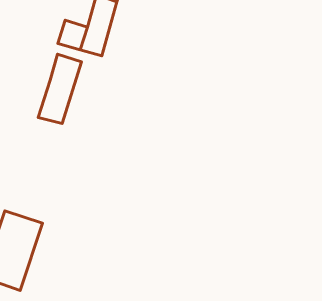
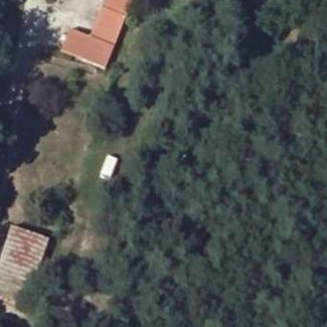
building: [38,54,82,123] -> none

